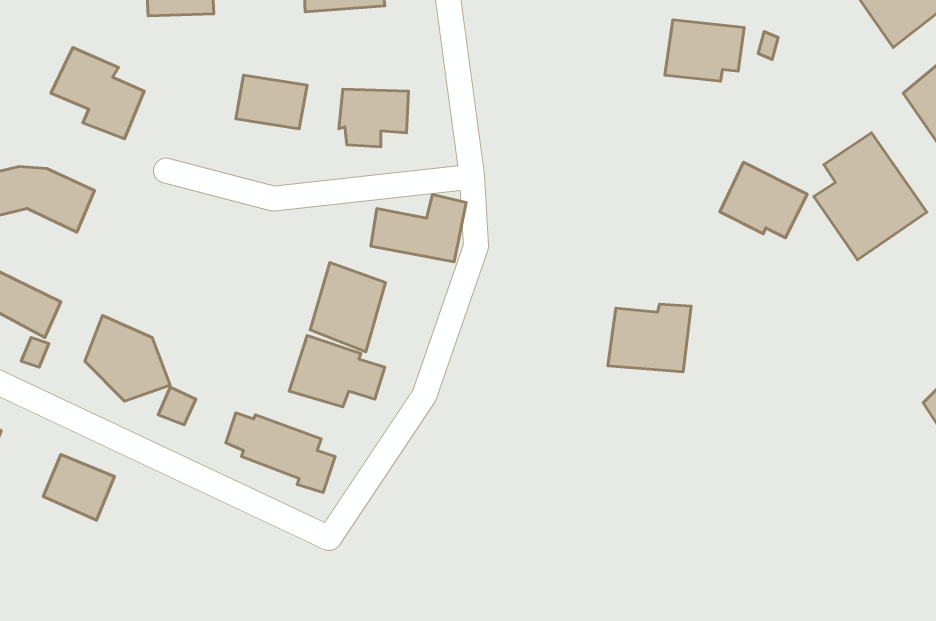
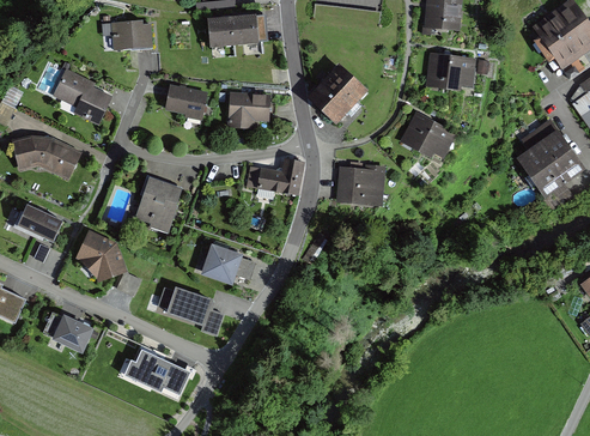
building: none -> [305,62,366,123]
building: [720,162,807,238] -> [401,113,454,158]
building: [310,262,386,352] -> [138,176,183,230]
building: [608,304,691,372] -> [335,163,385,204]
building: none -> [122,350,187,395]

